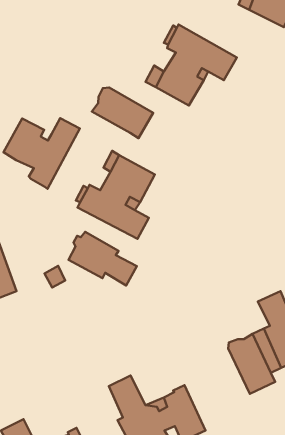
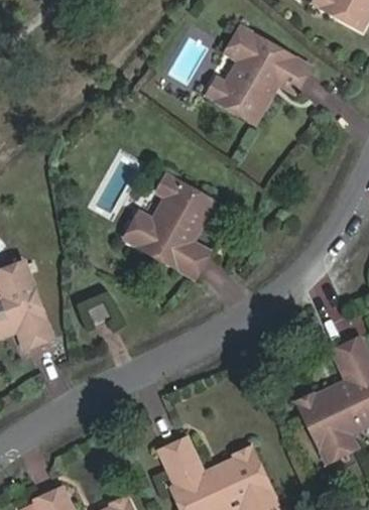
building: [92,88,153,138] -> none
building: [4,118,80,189] -> none
building: [69,232,137,285] -> none

